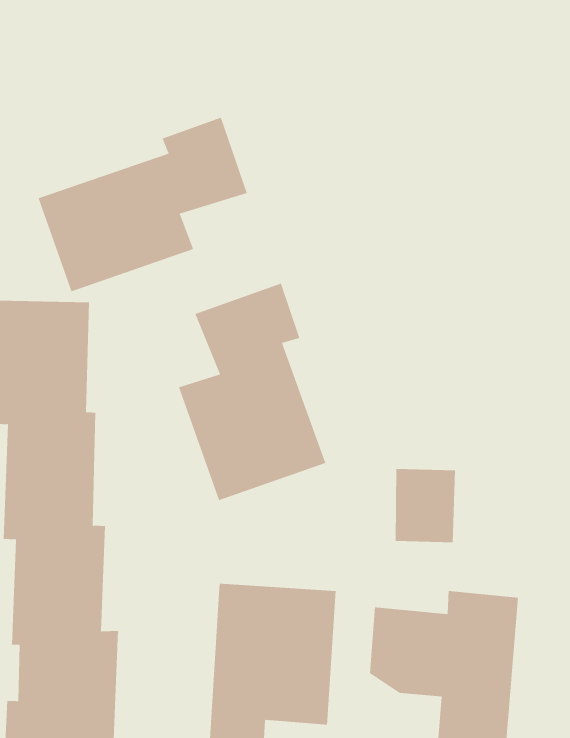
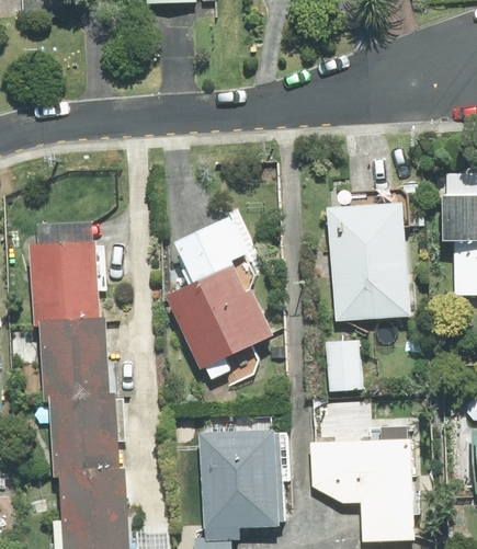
building: [38,117,247,292] -> none
building: none -> [326,195,408,320]

